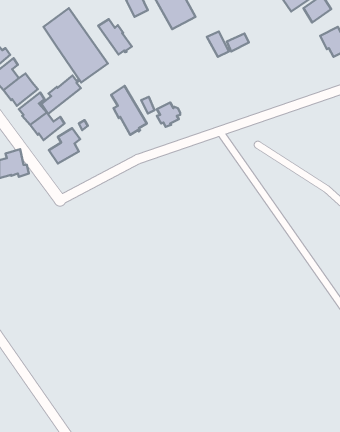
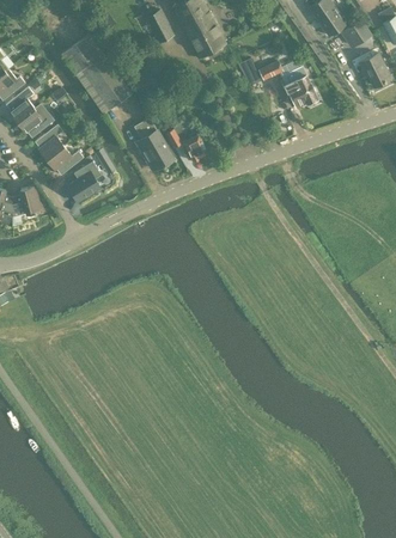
building: [98,19,132,55] -> none
building: none -> [280,67,317,108]
building: [42,76,81,114] -> none

